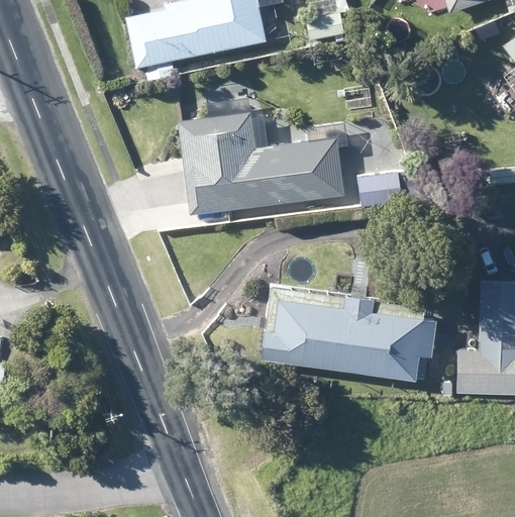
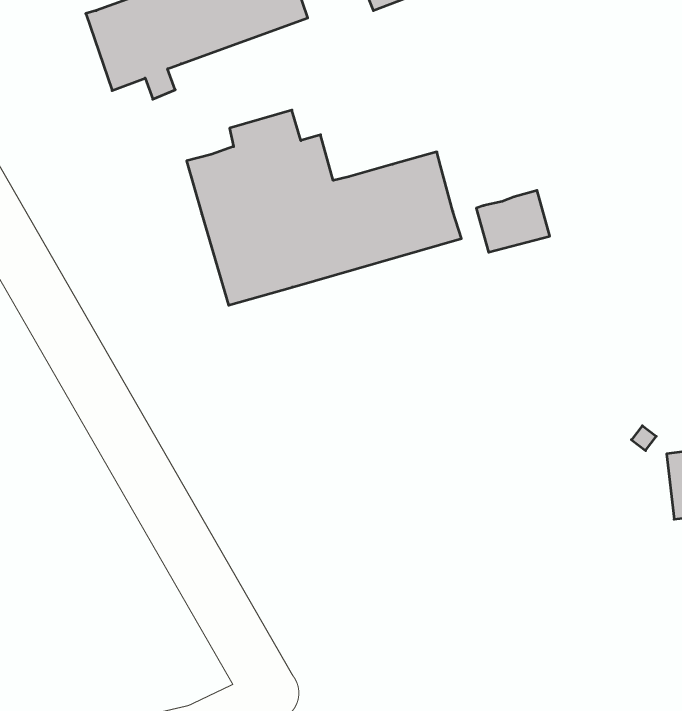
building: [260,287,435,382] -> none

